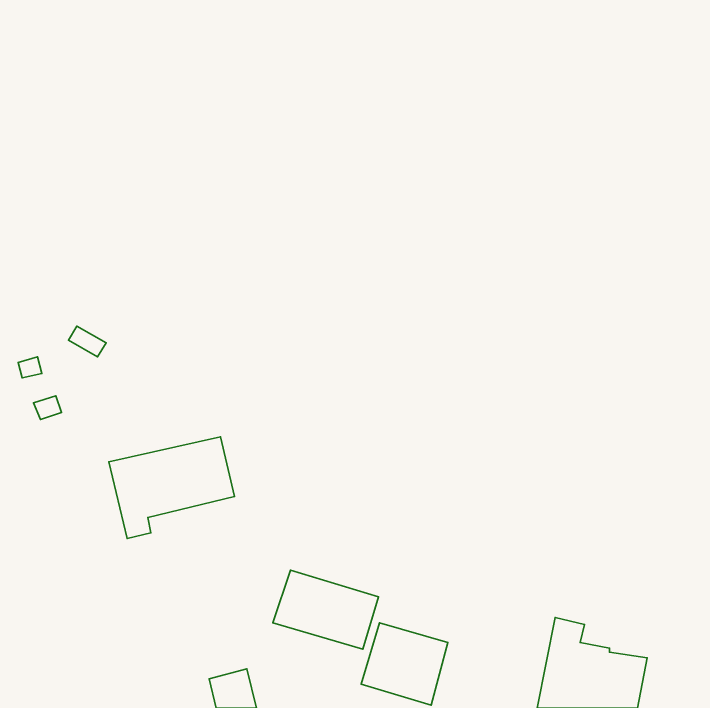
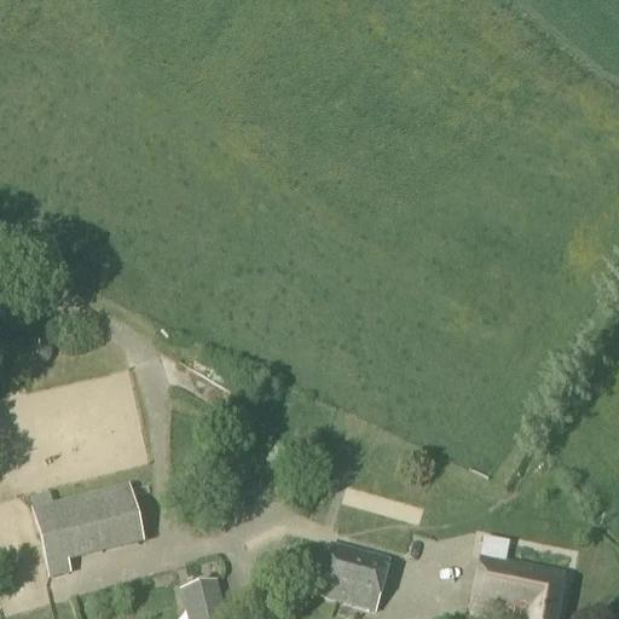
building: [109,437,234,538] -> [35,485,144,573]
building: [273,570,378,649] -> none

